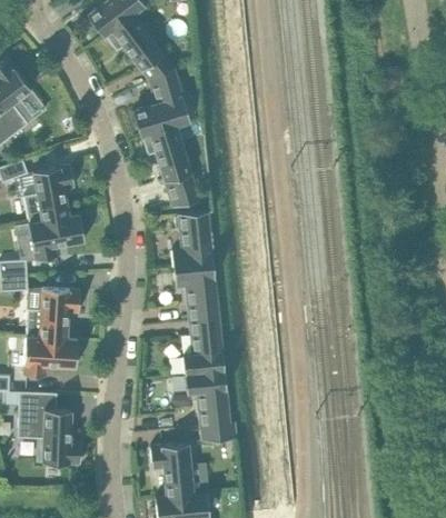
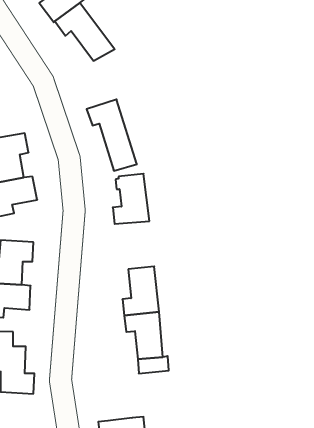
building: [132,68,190,137] -> none
building: [174,266,219,321] -> none
building: [150,442,194,496] -> none

